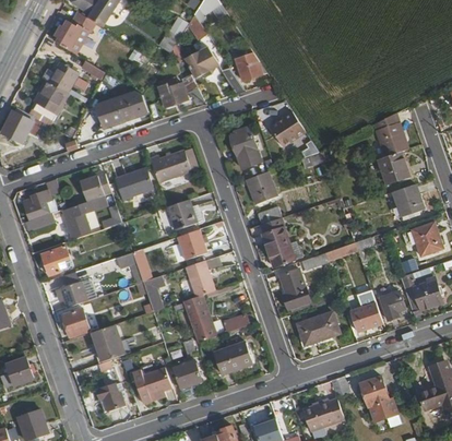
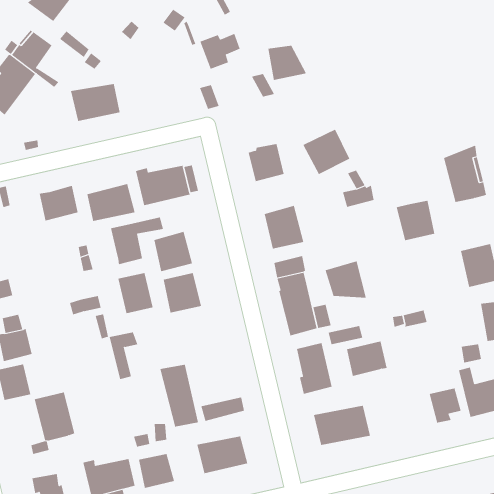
building: [156,80,188,107] -> none
building: [376,152,406,183] -> [396,200,435,241]
building: [61,199,100,237] -> [110,217,164,265]
building: none -> [325,261,366,299]
building: [185,260,213,291] -> [118,272,153,314]
building: [350,302,382,331] -> [346,341,387,377]

